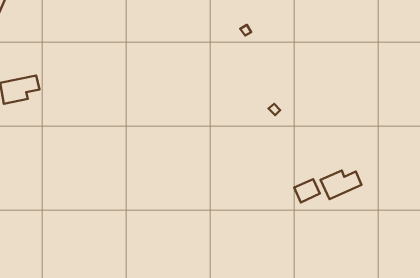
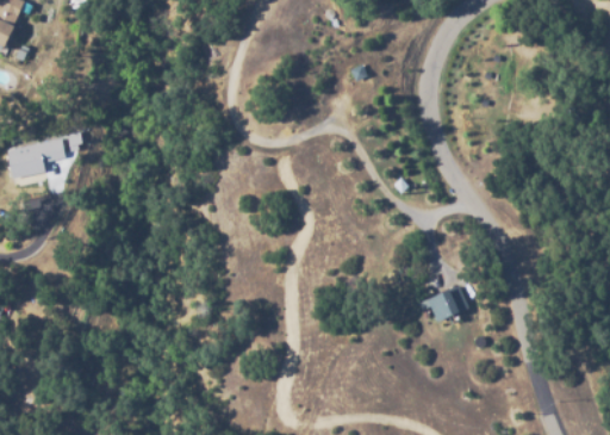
building: [321,170,361,199] -> none

